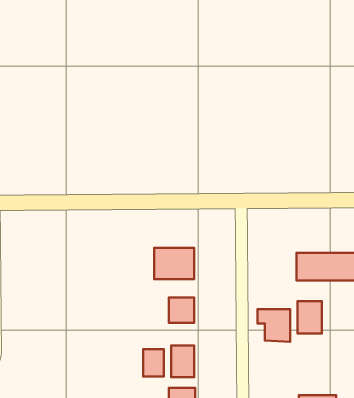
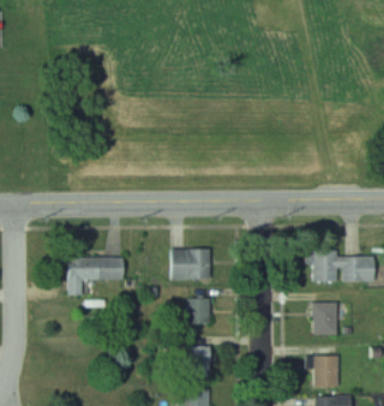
building: none -> [65,257,124,295]
building: [258,309,290,342] -> [305,356,337,388]
building: [143,349,164,377] -> none

